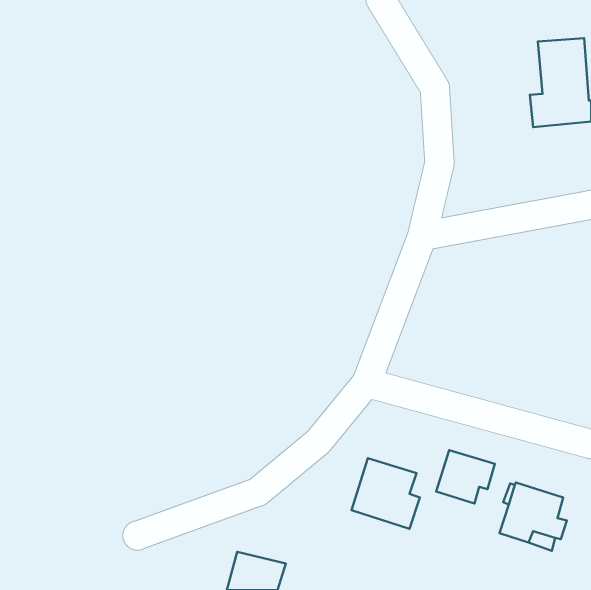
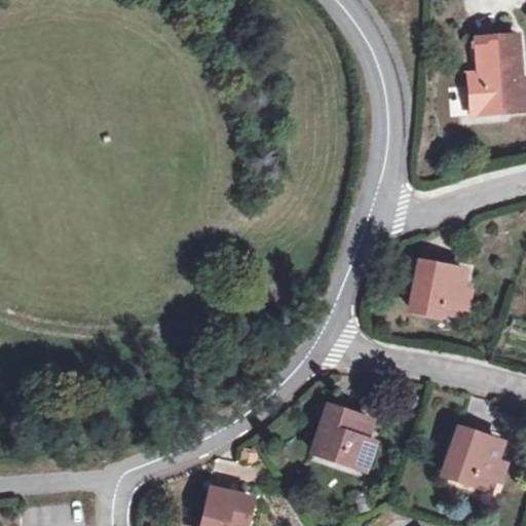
building: none -> [412,262,469,314]
building: [436,450,495,504] -> none

